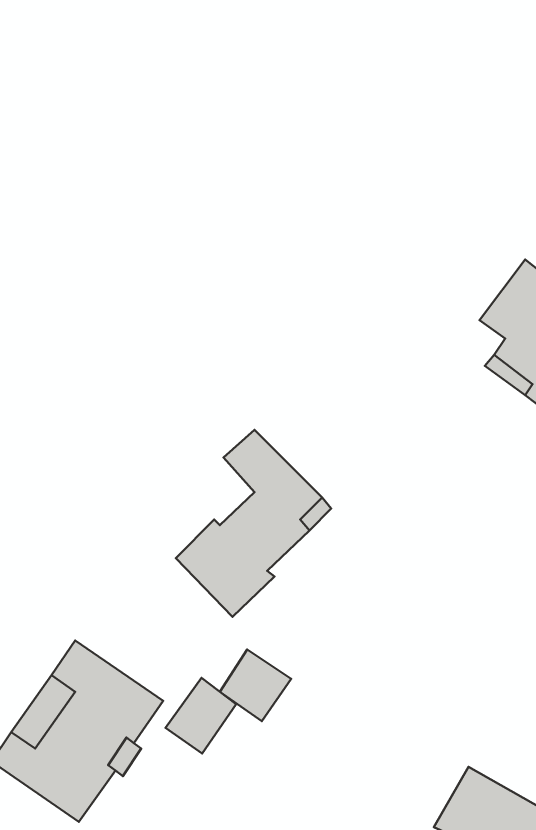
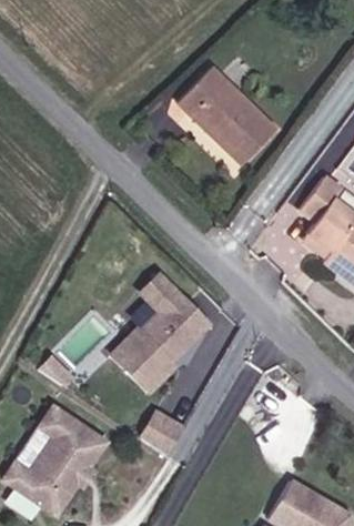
building: none -> [179,67,275,162]
building: [166,678,236,753] -> none

